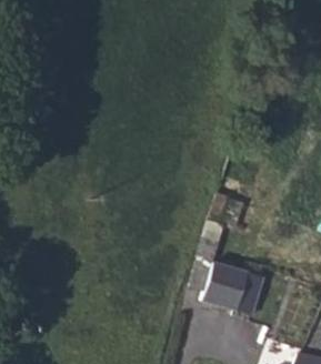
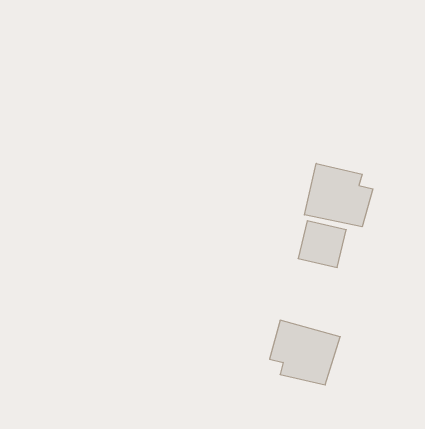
building: none -> [304,163,373,227]

